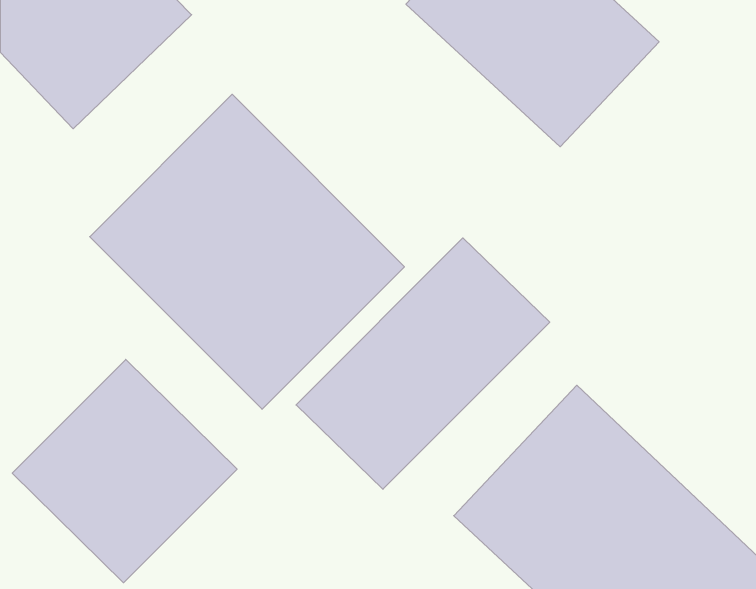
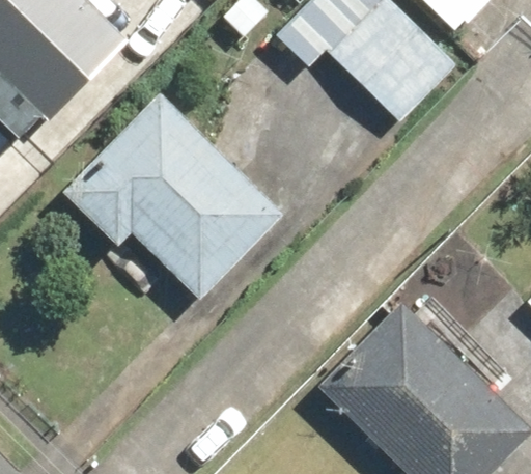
building: [296,238,550,489] -> none
building: [12,359,237,583] -> none

